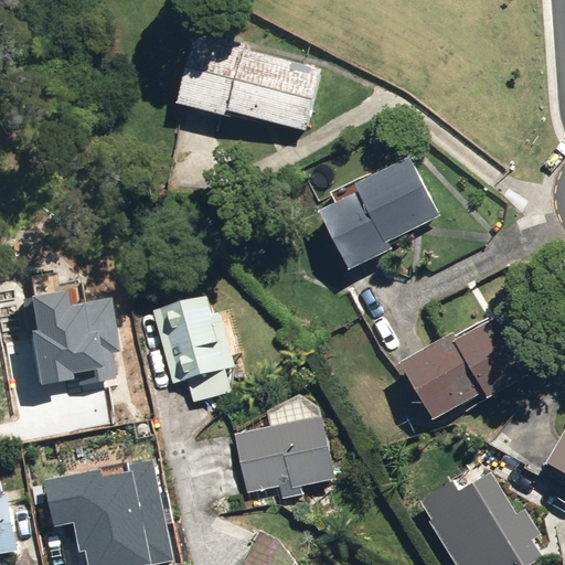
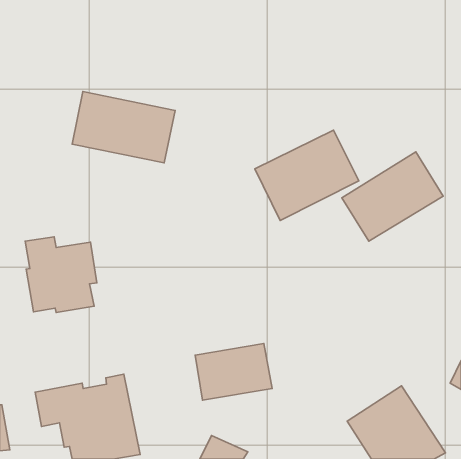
building: [186,43,312,130] -> [72,92,175,163]
building: [159,300,232,402] -> none
building: [398,315,522,424] -> [342,152,443,241]

